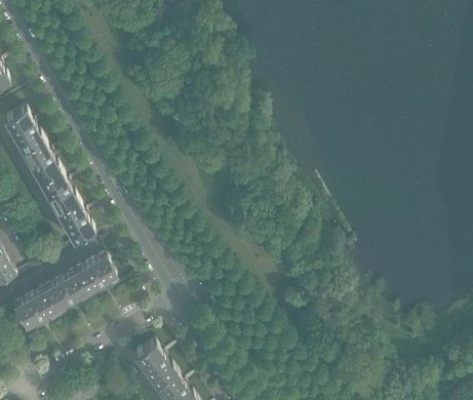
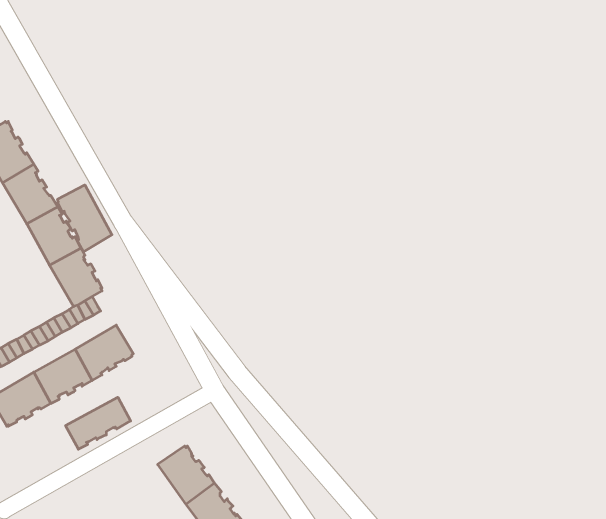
building: none -> [58,185,112,252]
building: none -> [66,397,131,449]

